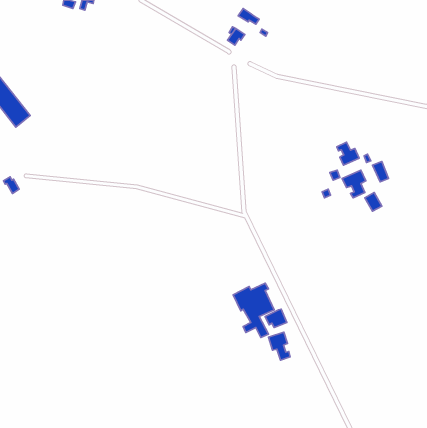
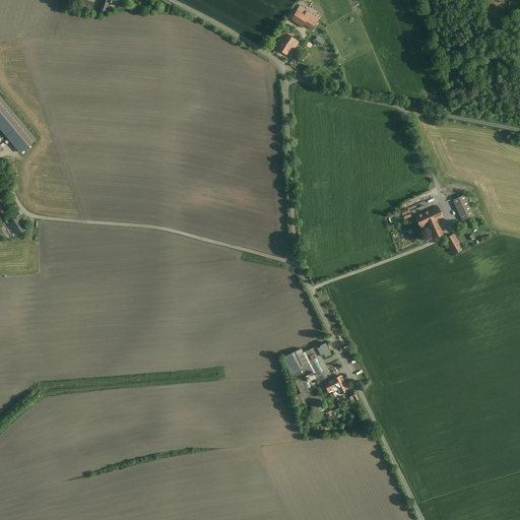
building: [337,142,359,165] -> none
building: [268,332,290,360] -> none

